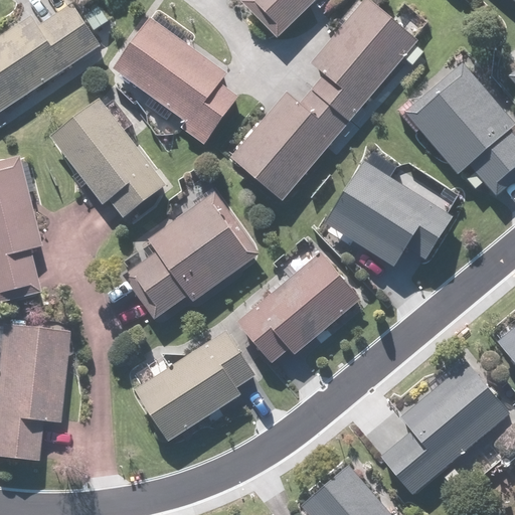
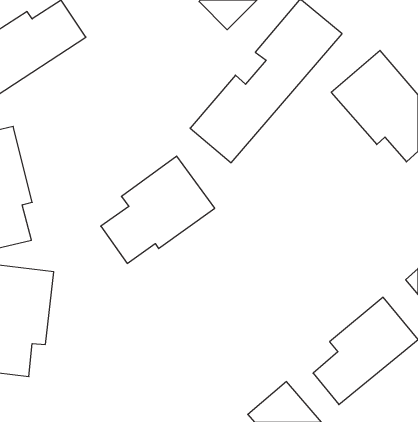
building: [114,16,240,145] -> none
building: [50,98,168,218] -> none
building: [325,160,454,269] -> none
building: [238,251,362,363] -> none
building: [134,328,256,443] -> none

